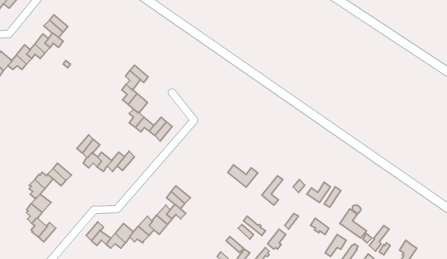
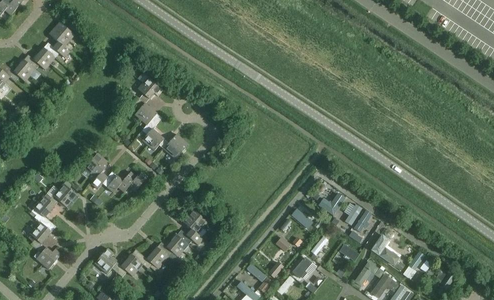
building: [228,165,258,187] -> none

